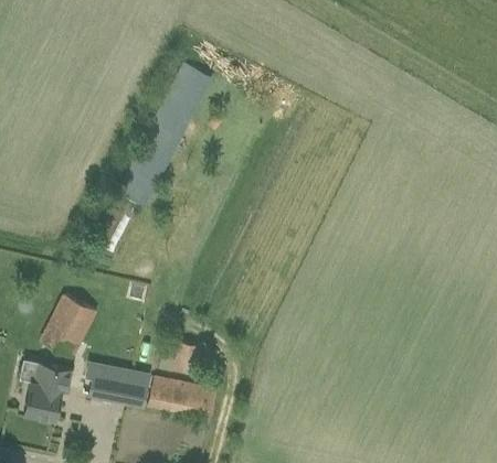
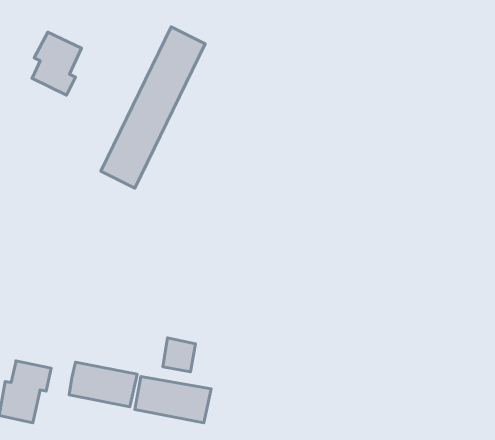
building: none -> [32,32,82,95]
building: [39,293,96,358] -> none

